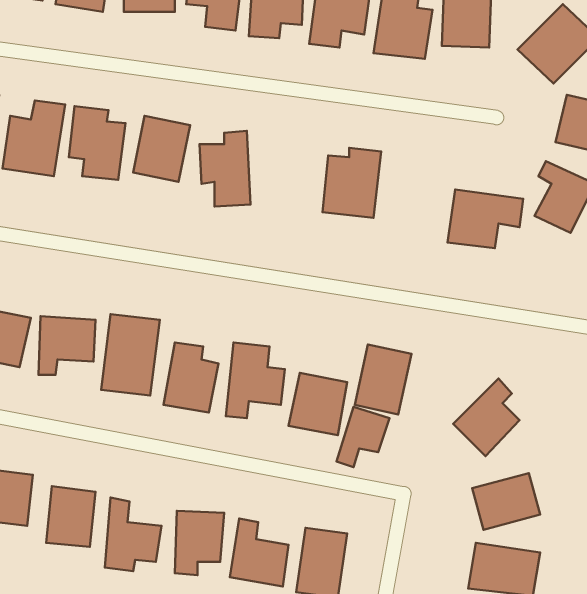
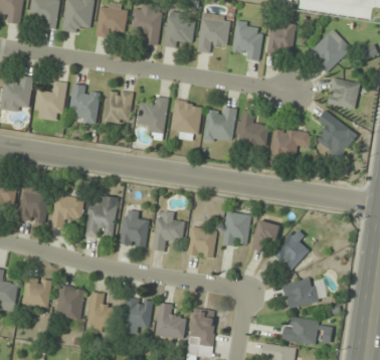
building: none -> [171,101,202,141]
building: none -> [237,111,268,150]
building: [337,407,390,467] -> [251,219,279,251]

